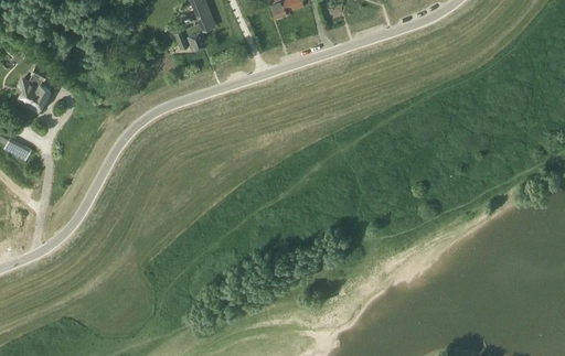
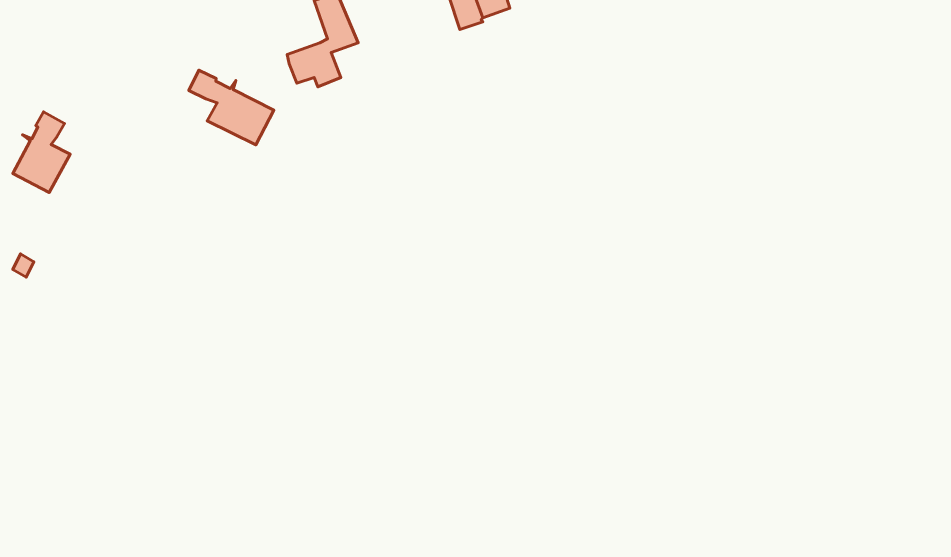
building: none -> [189,70,274,145]

